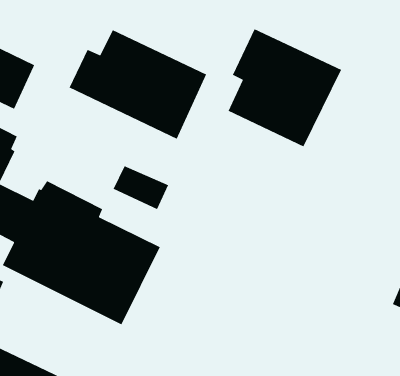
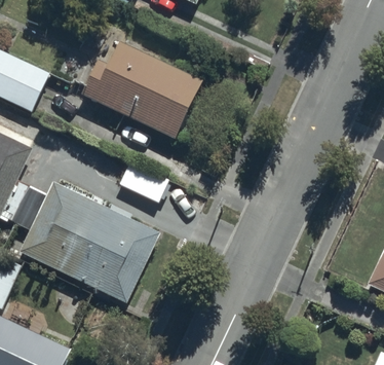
building: [228,28,342,147] -> none

